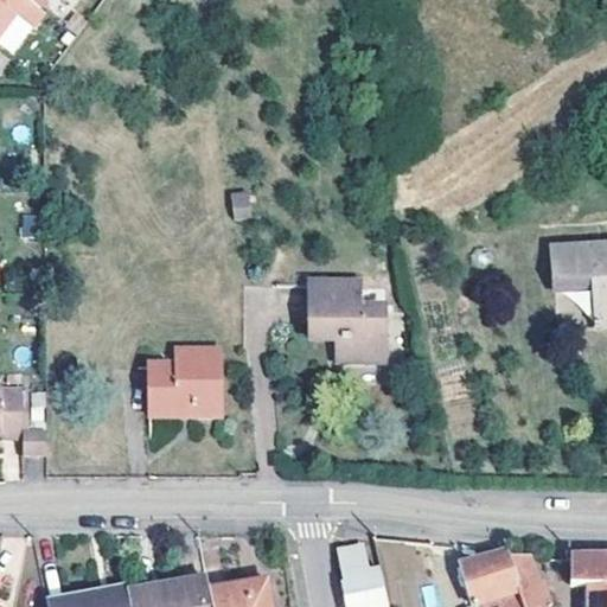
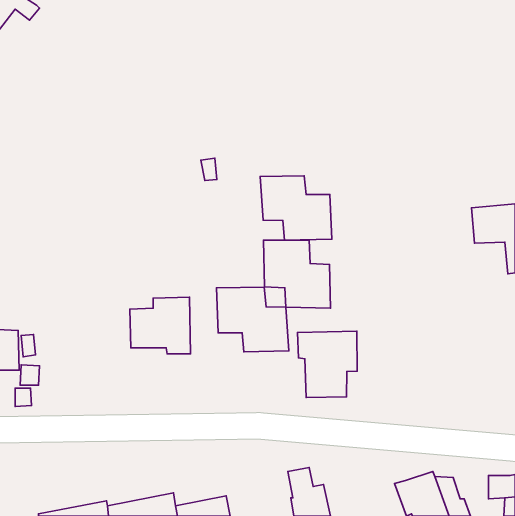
building: none -> [260,176,332,240]
building: none -> [216,287,289,352]
building: none -> [297,331,357,397]

